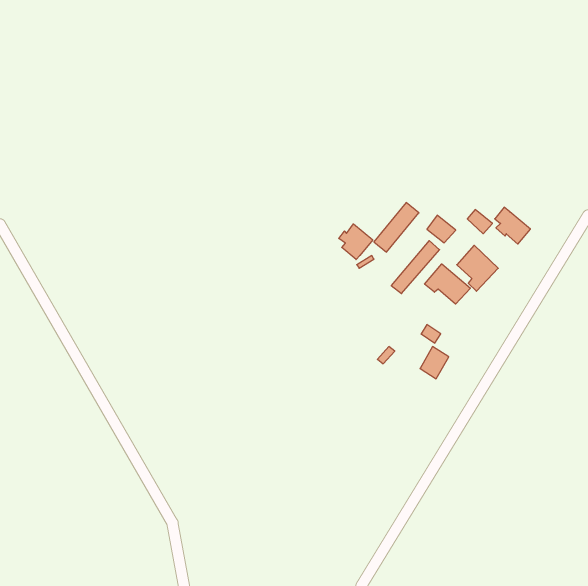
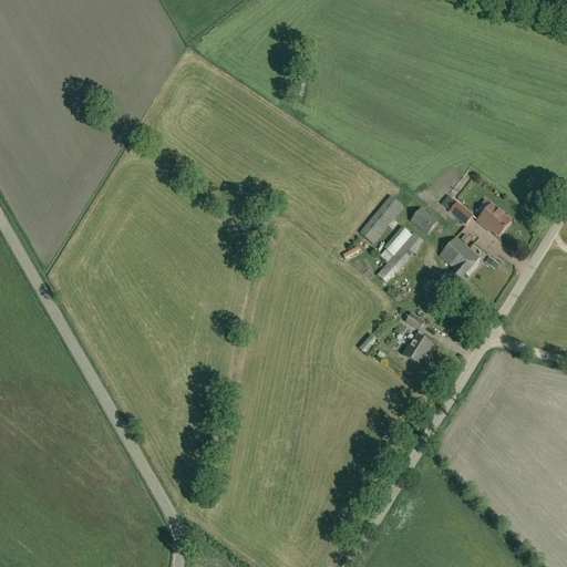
building: [339,224,373,260] -> none
building: [425,264,470,304] -> none

